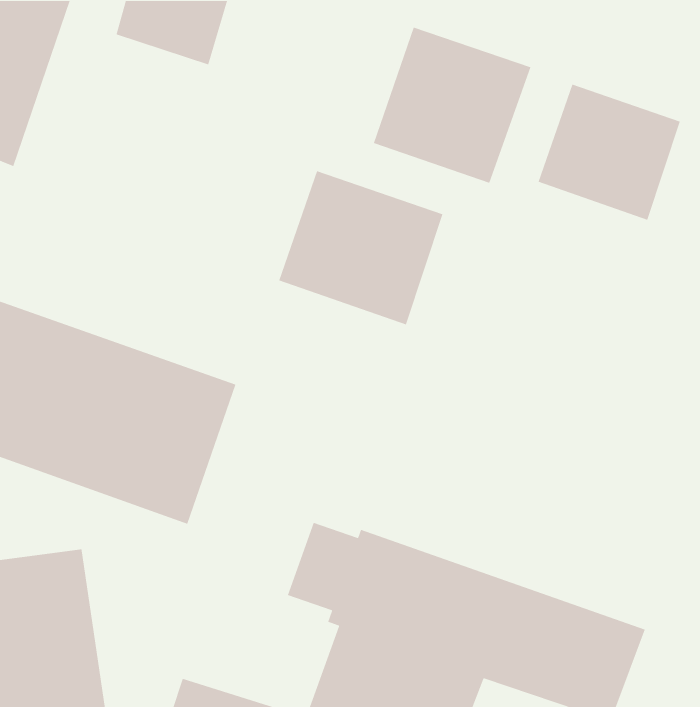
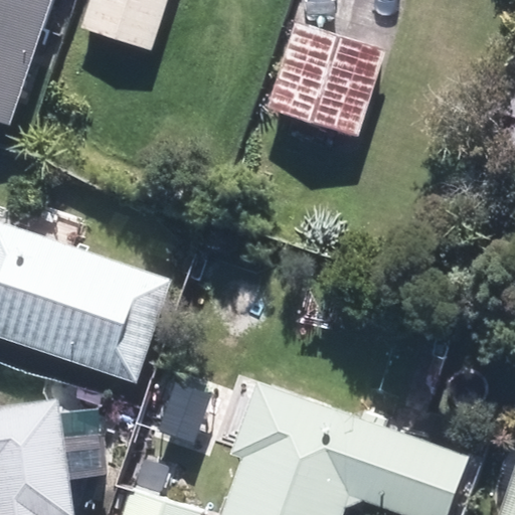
building: [538,84,681,221] -> none
building: [278,170,444,326] -> none

